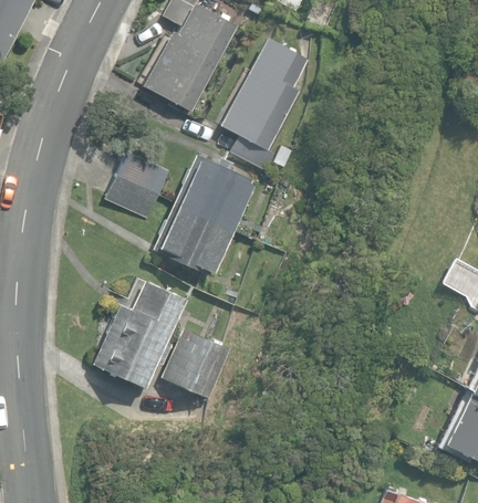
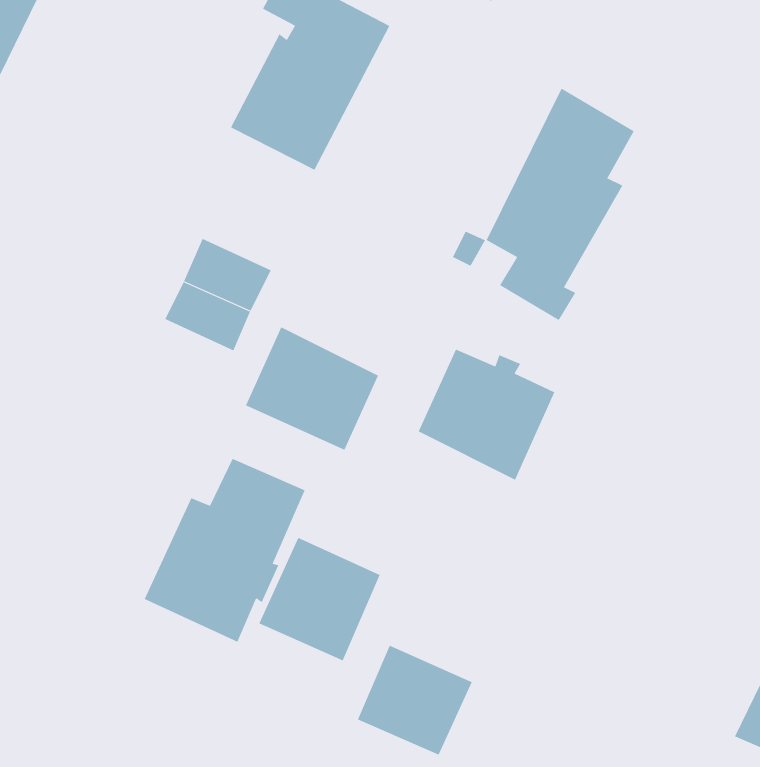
building: [221,34,309,171] -> [486,88,634,321]
building: [174,154,254,231] -> [418,349,555,480]
building: none -> [357,645,472,755]

